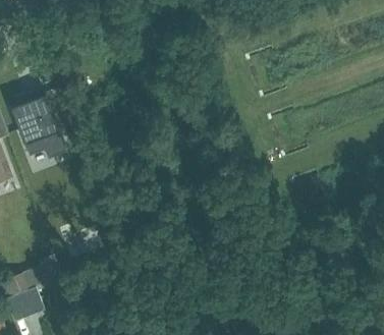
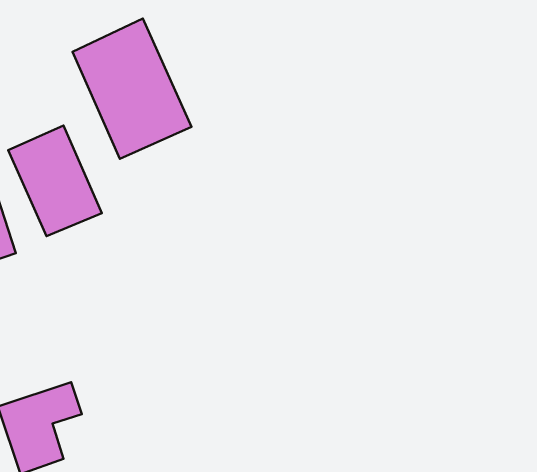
building: none -> [72,19,191,159]

